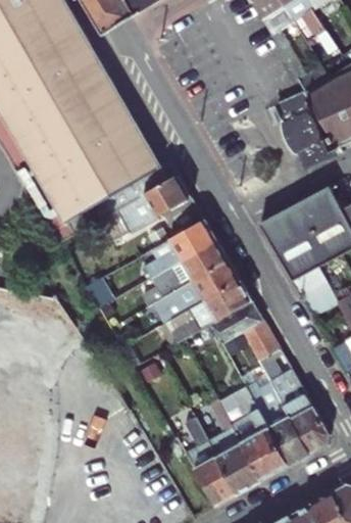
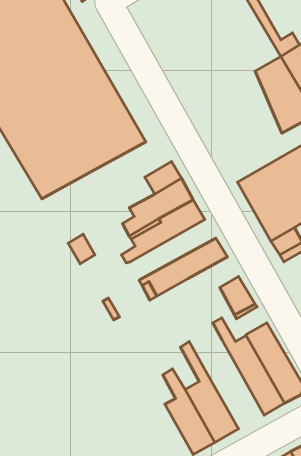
building: [107,173,191,234] -> none
building: [151,259,240,322] -> none
building: [211,298,263,341] -> none
building: [232,384,290,477] -> none

